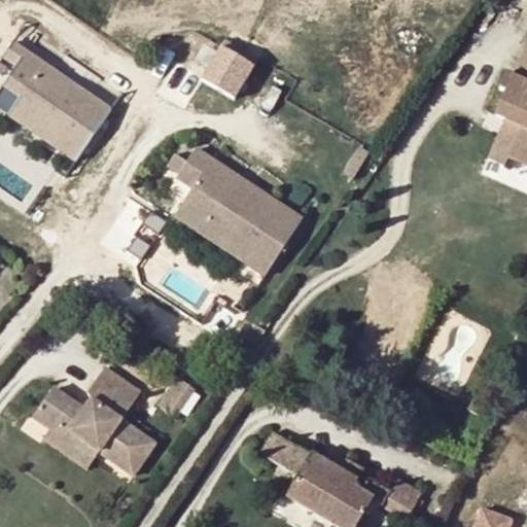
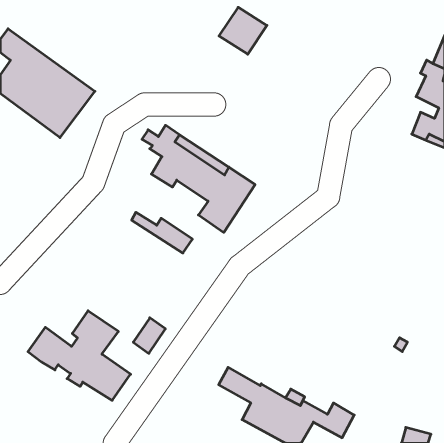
building: [197,43,253,99] -> [219,7,267,54]
building: [175,206,247,254] -> [132,212,192,253]
building: [43,428,96,470] -> none

